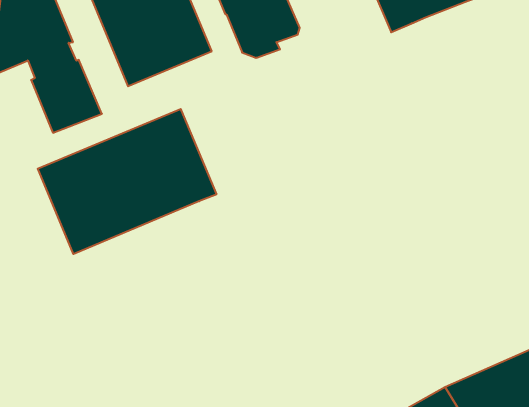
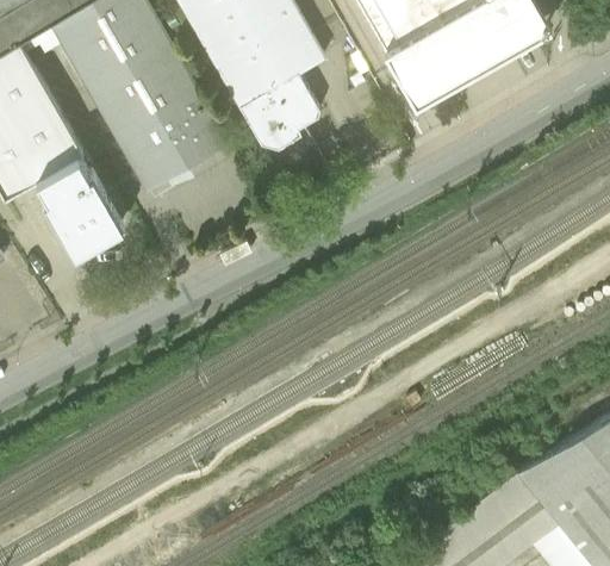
building: [38,109,216,254] -> none

